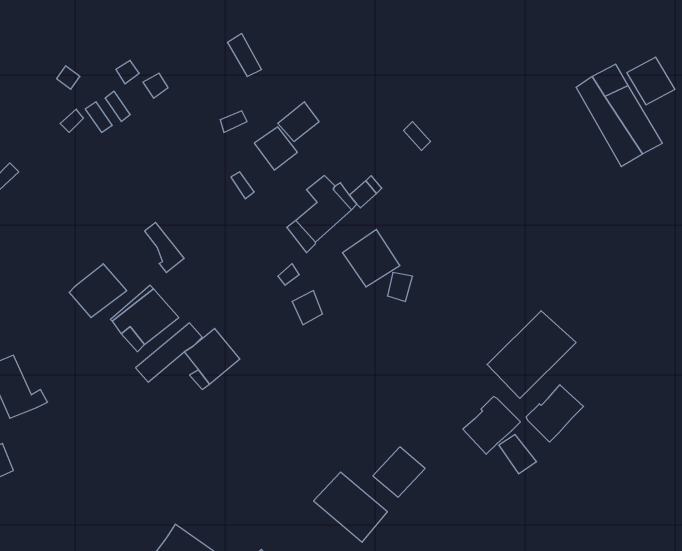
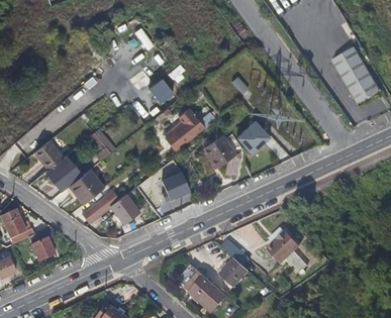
building: [627,57,675,105] -> none
building: none -> [237,120,272,154]
building: none -> [34,138,64,169]
building: [487,311,576,398] -> none
building: [526,385,584,442] -> none
building: none -> [27,228,55,260]

